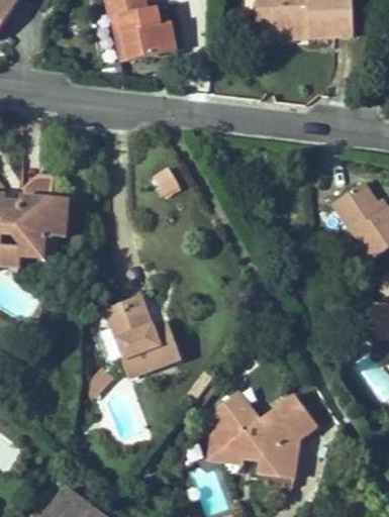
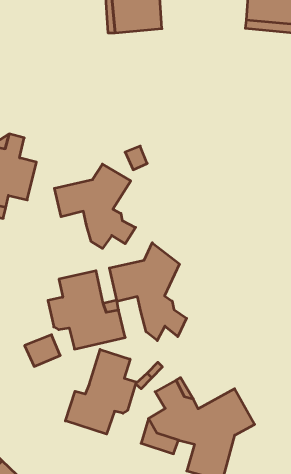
building: none -> [54,164,136,248]
building: none -> [109,243,187,341]
building: none -> [65,349,136,434]

